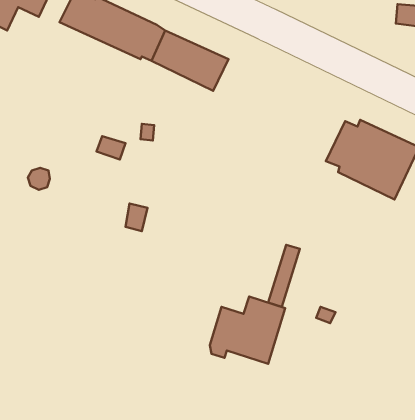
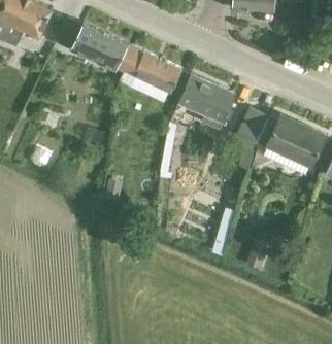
building: none -> [177,74,235,131]
building: none -> [235,108,270,151]
building: [210,296,285,364] -> none

